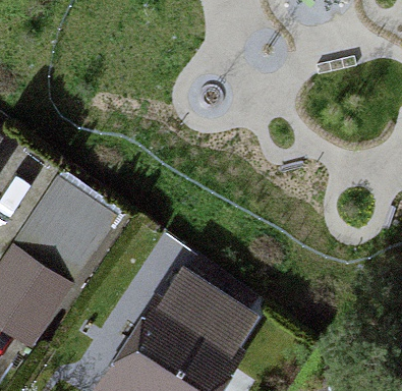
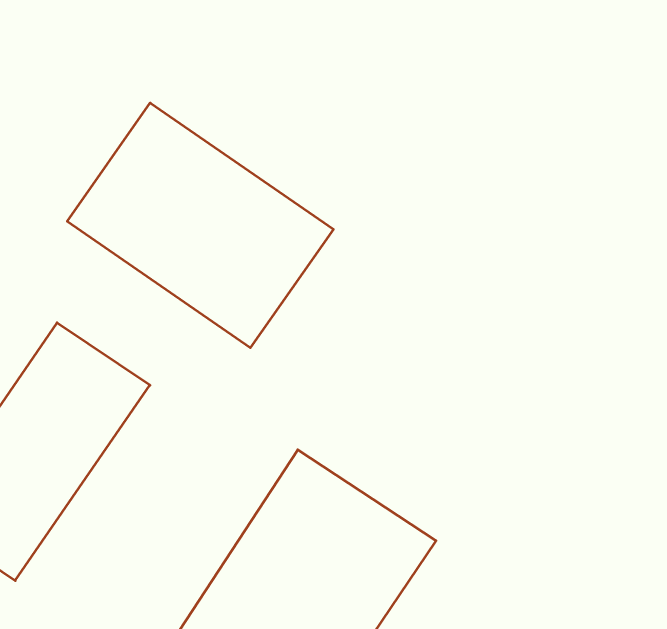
building: none -> [67,103,333,348]

